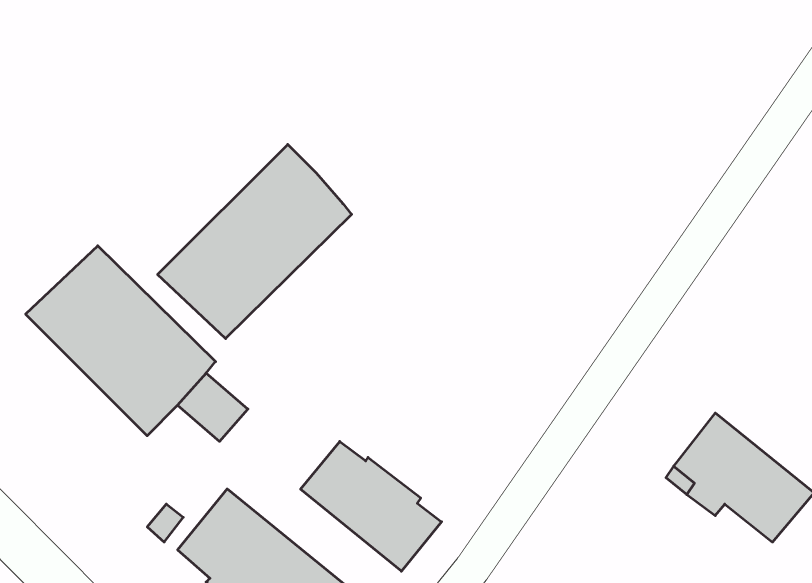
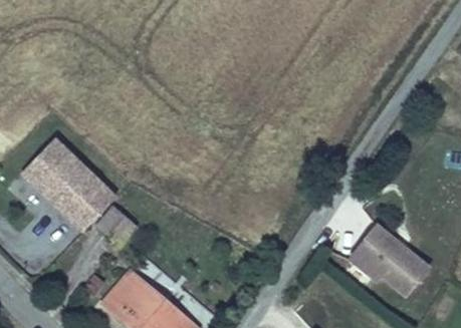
building: [158,144,352,339] -> none
building: [301,441,442,571] -> none

